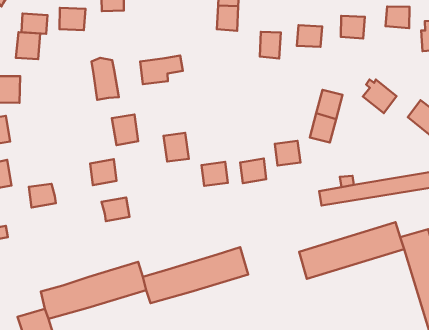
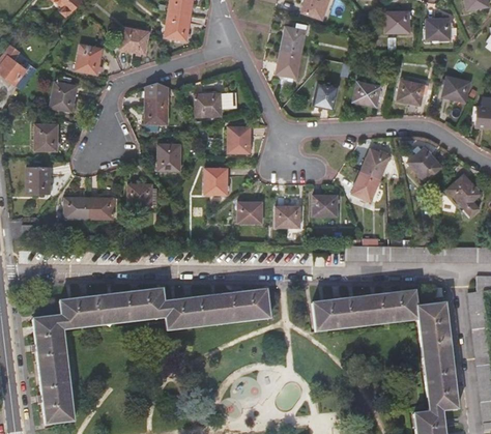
building: [21,13,47,34] -> none
building: none -> [227,126,250,152]
building: [101,197,130,221] -> [87,195,112,214]

